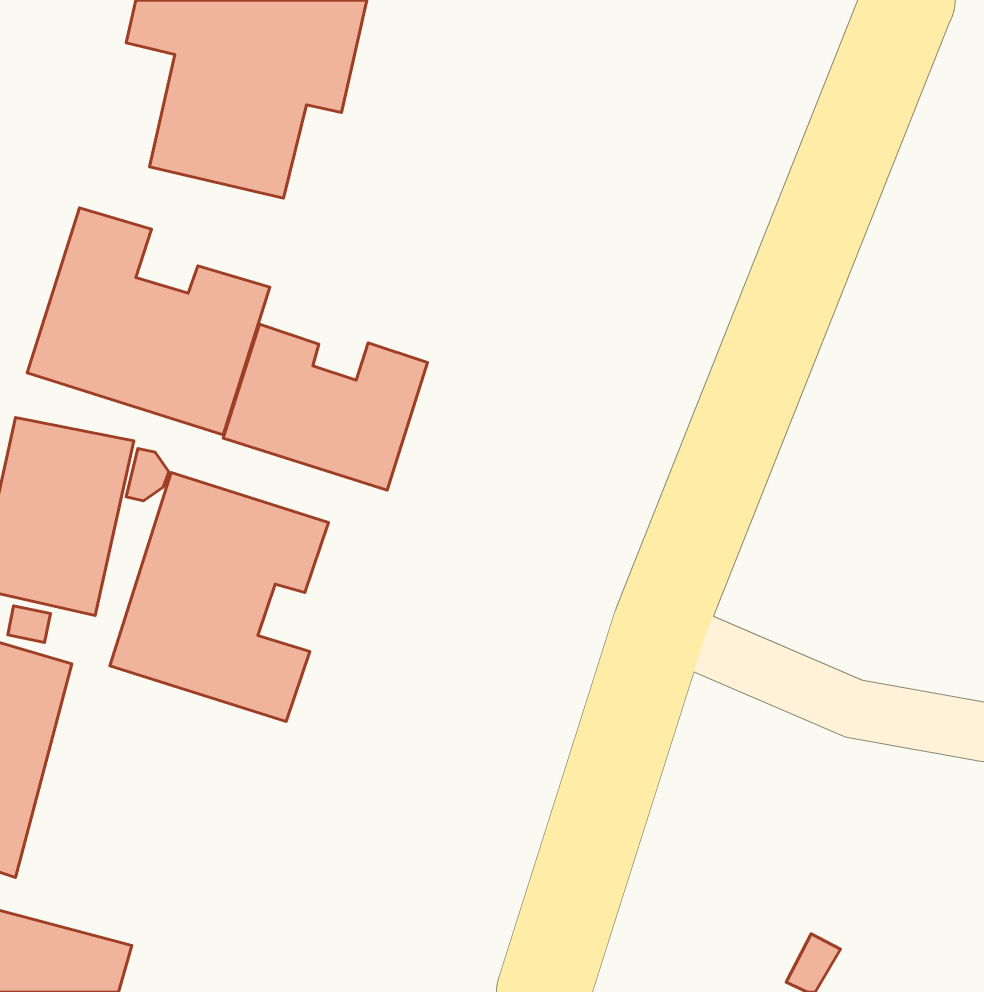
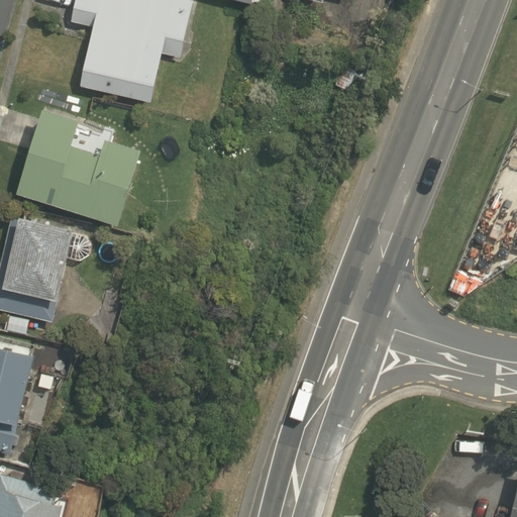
building: [223,324,427,490] -> none
building: [110,473,329,722] -> none

